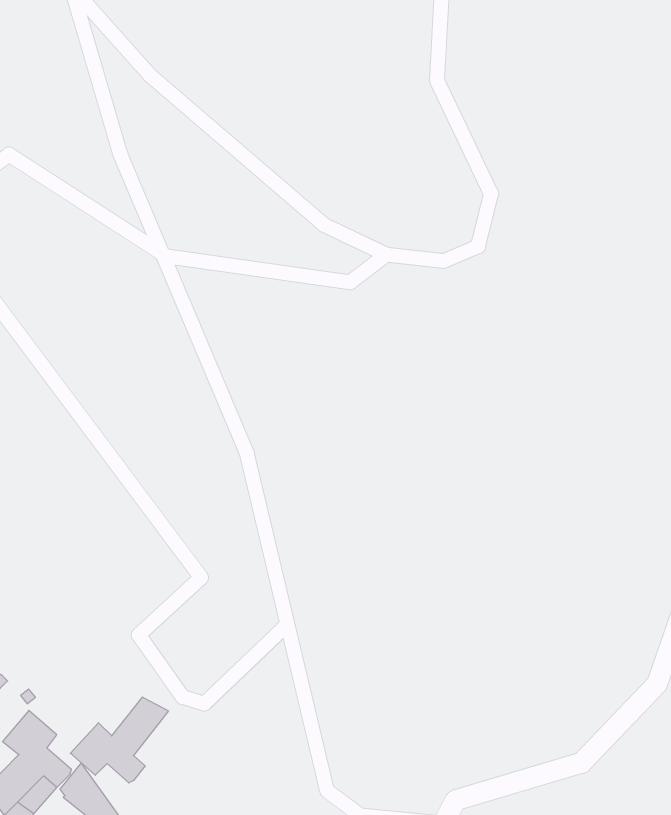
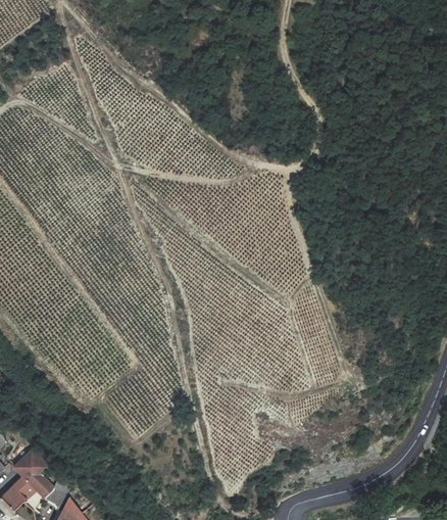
building: [70,697,169,783] -> none

